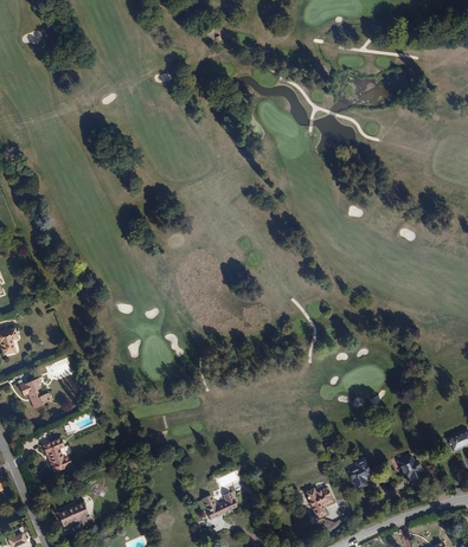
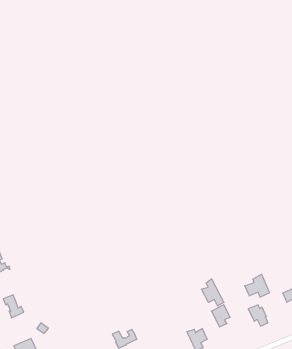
building: none -> [245,274,270,297]
building: none -> [202,279,224,306]

